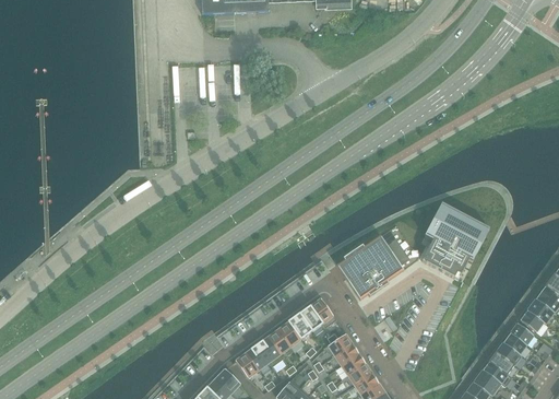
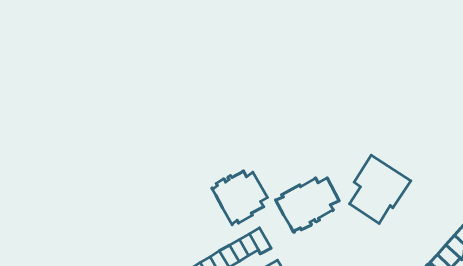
building: none -> [212,171,268,225]

